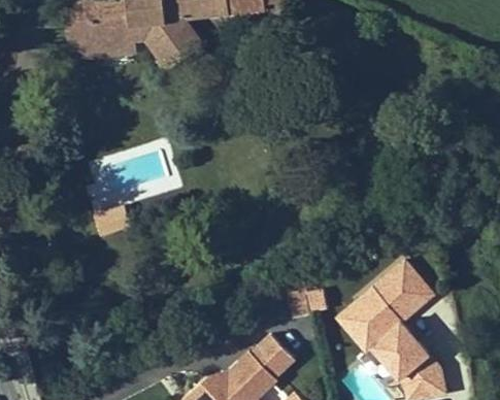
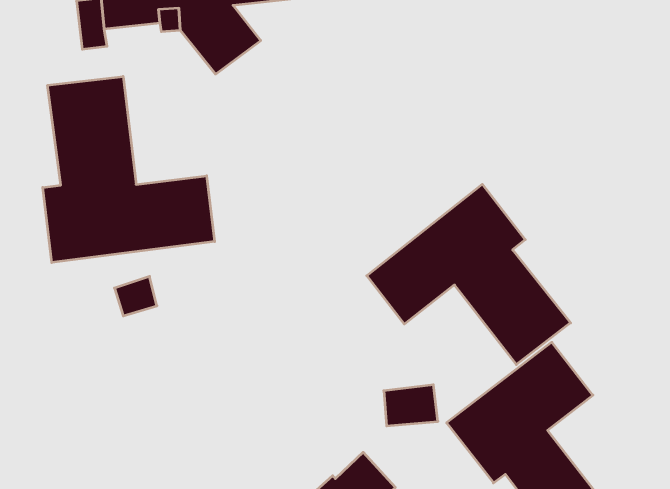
building: none -> [43,76,215,263]
building: none -> [367,184,571,365]

